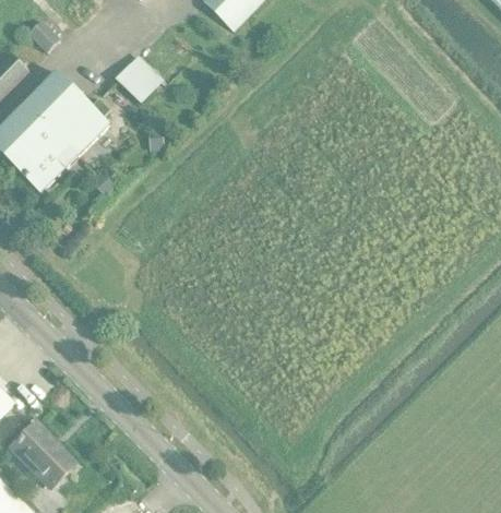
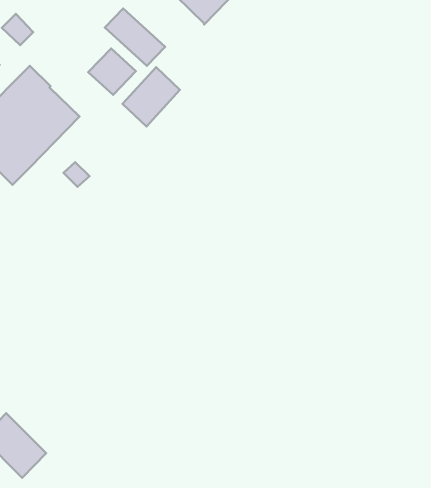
building: none -> [105,8,165,66]
building: none -> [123,67,180,126]

